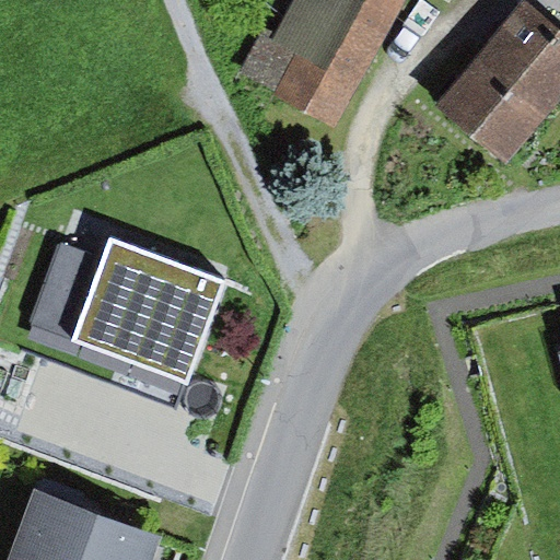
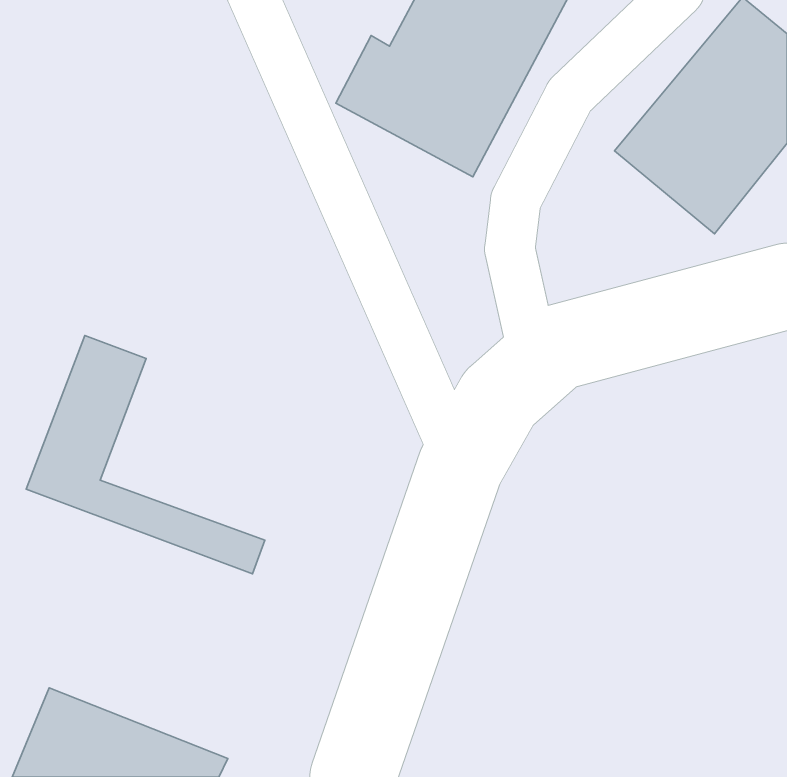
building: [71,237,228,384] -> none

